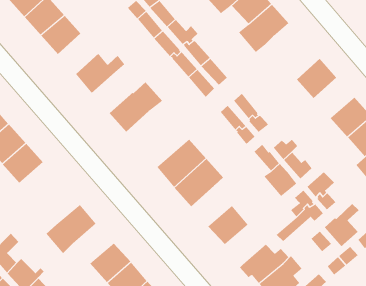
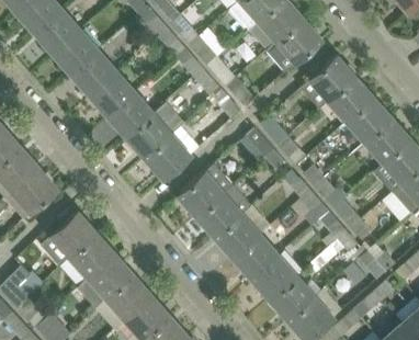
building: none -> [71,52,115,95]
building: none -> [309,57,354,101]
building: none -> [107,93,152,137]
building: none -> [347,99,390,143]
building: none -> [145,125,201,179]
building: none -> [39,213,95,267]
building: none -> [215,215,259,259]
building: none -> [77,256,132,308]
building: none -> [251,257,295,299]

